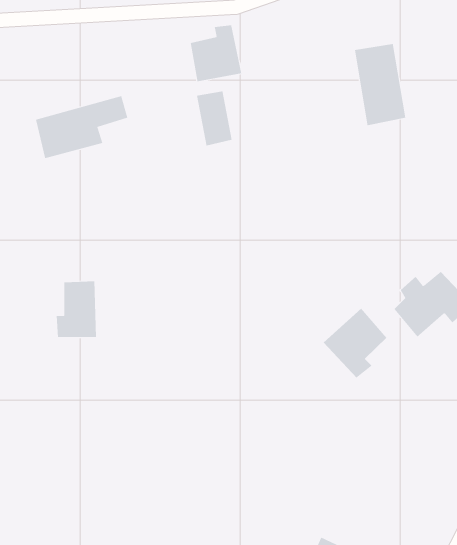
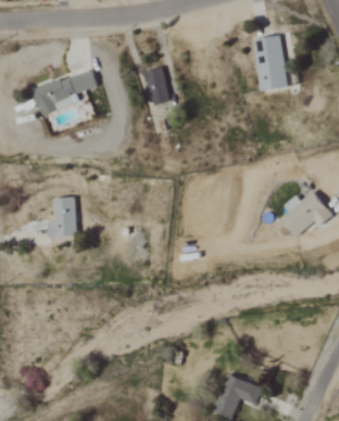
building: [190,24,242,82] -> none
building: [323,308,387,378] -> none

